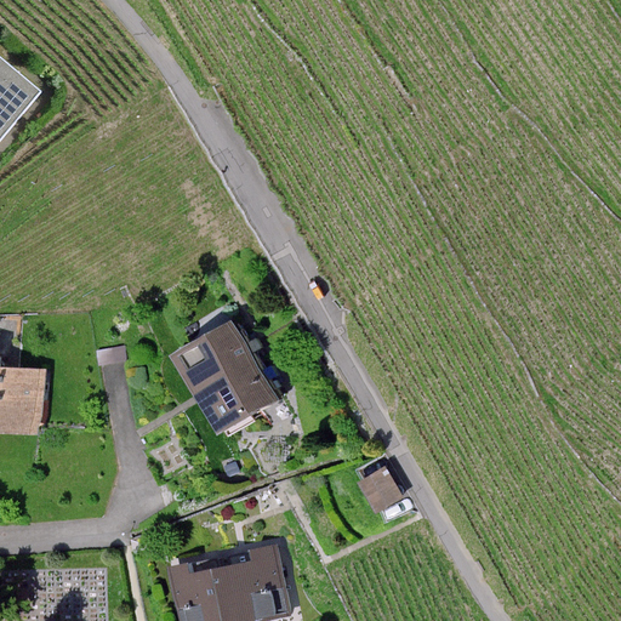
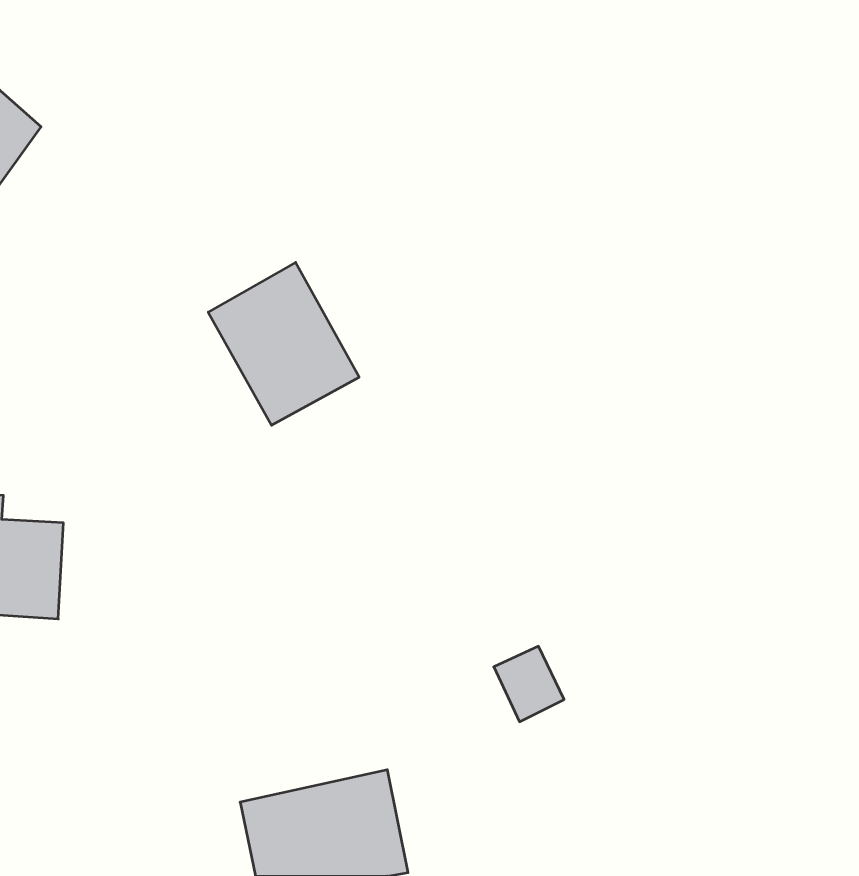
building: [180,317,286,432] -> [208,262,359,425]

